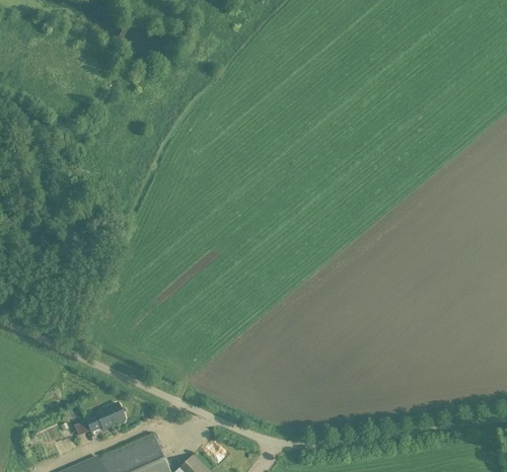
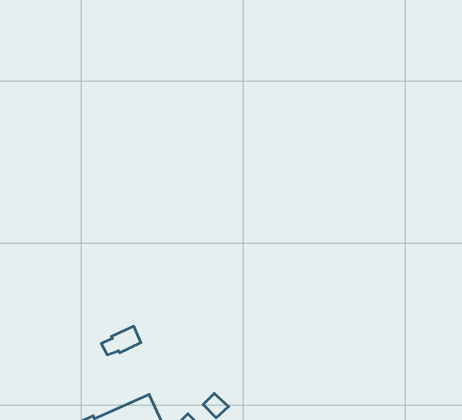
building: [84,402,124,430] -> [101,326,141,355]

